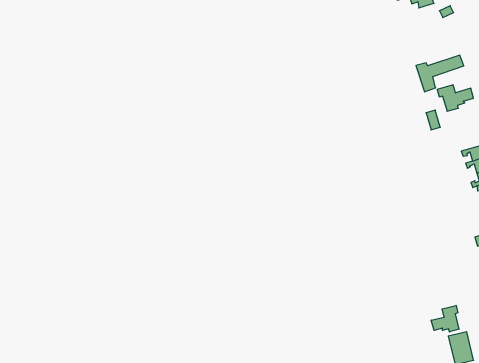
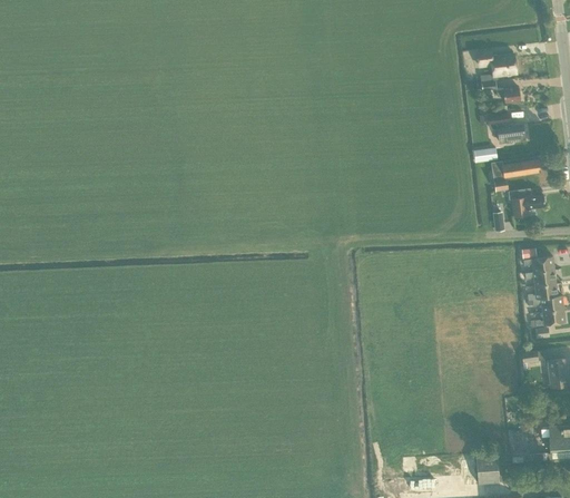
building: none -> [490,113,525,145]
building: [431,305,459,332] -> none

